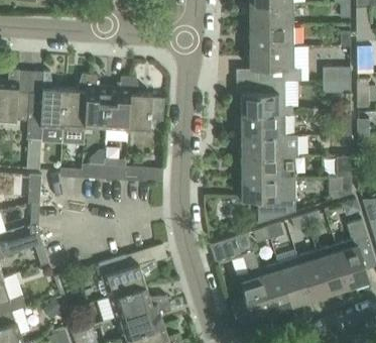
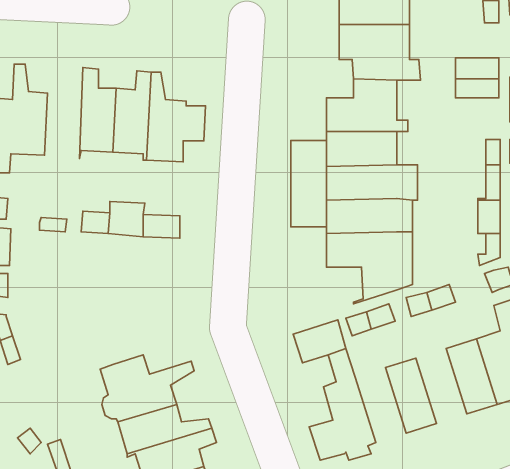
building: [62,74,87,131] -> none
building: none -> [291,141,327,227]
building: [297,251,330,299] -> none
building: [259,263,291,311] -> none

